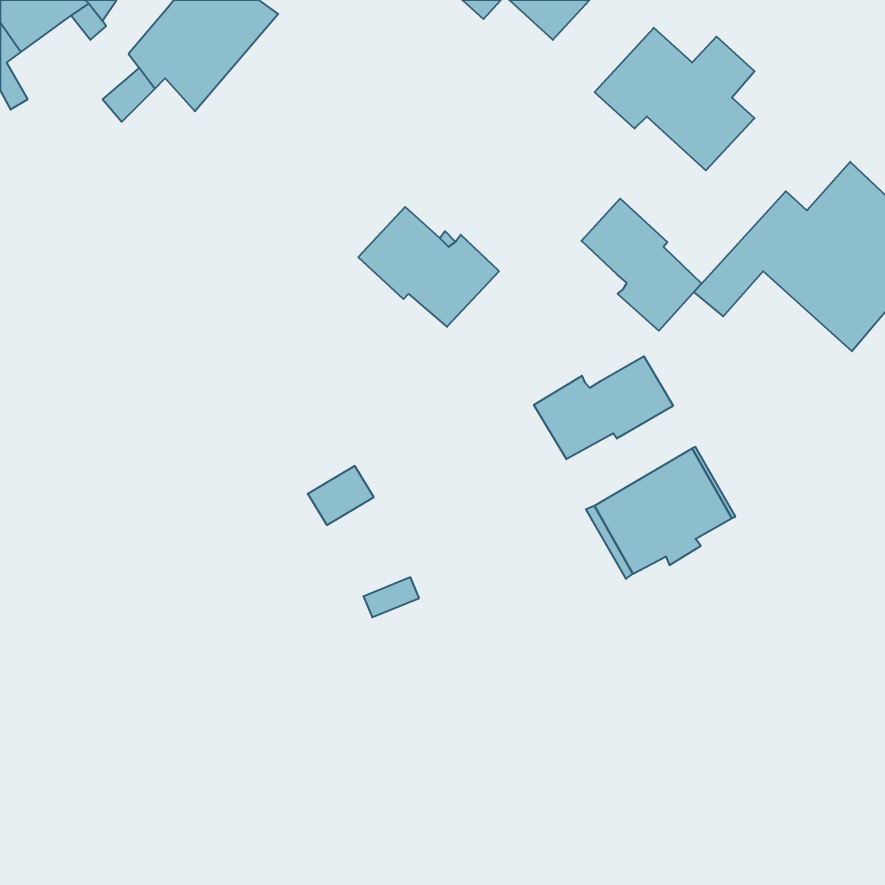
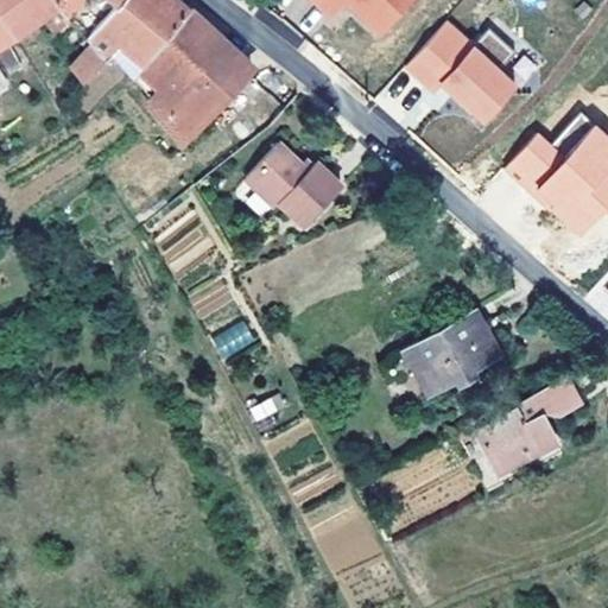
building: none -> [135,12,254,141]
building: [581,199,701,331] -> none
building: [534,356,673,459] -> none
building: none -> [460,375,581,471]

